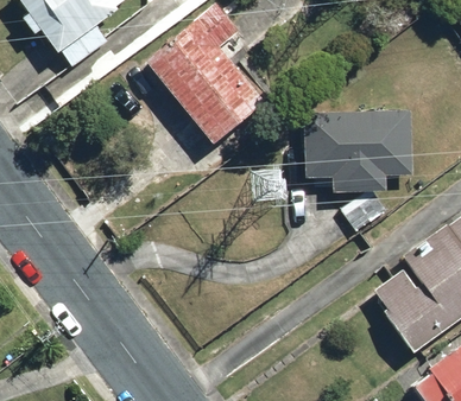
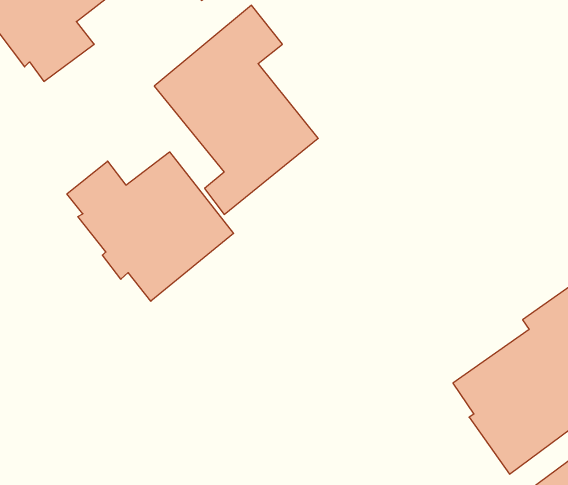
building: [304,112,409,190] -> none
building: none -> [67,152,234,301]

